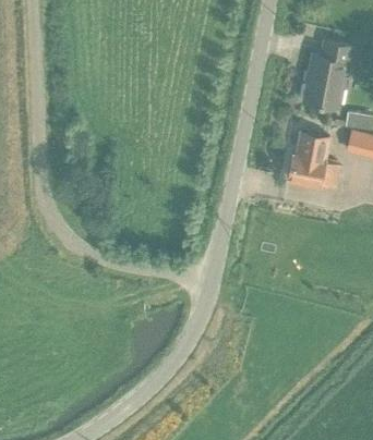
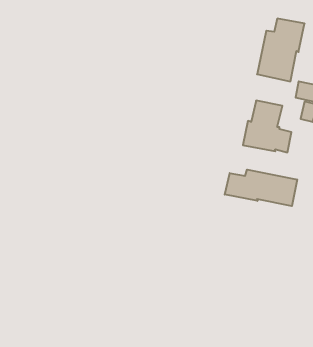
building: none -> [225,170,297,206]

